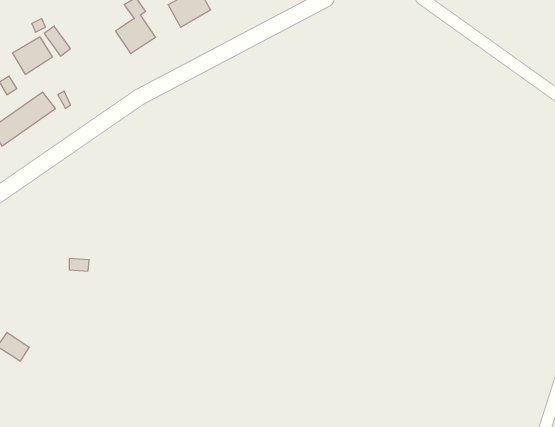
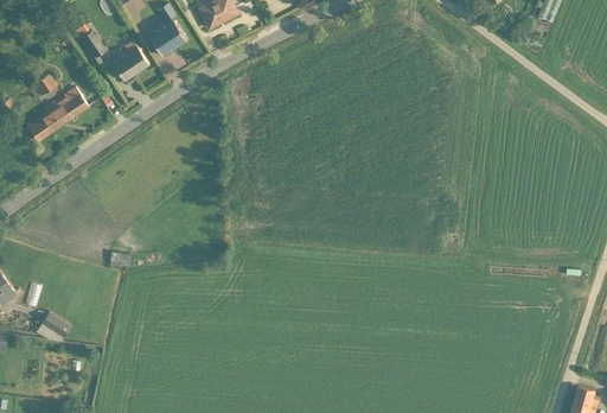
building: [12,37,53,74] -> [113,45,151,81]

